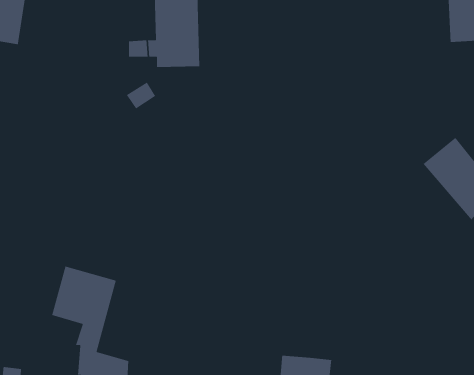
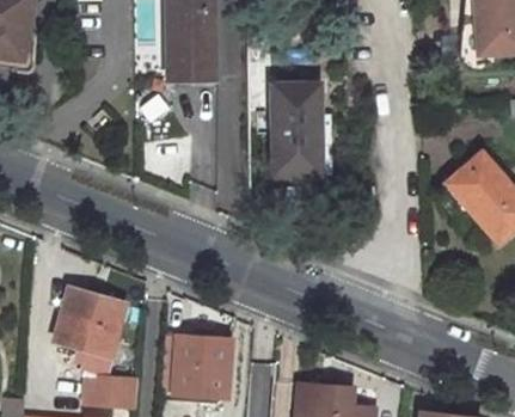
building: none -> [256,82,317,173]
building: none -> [173,336,232,397]

